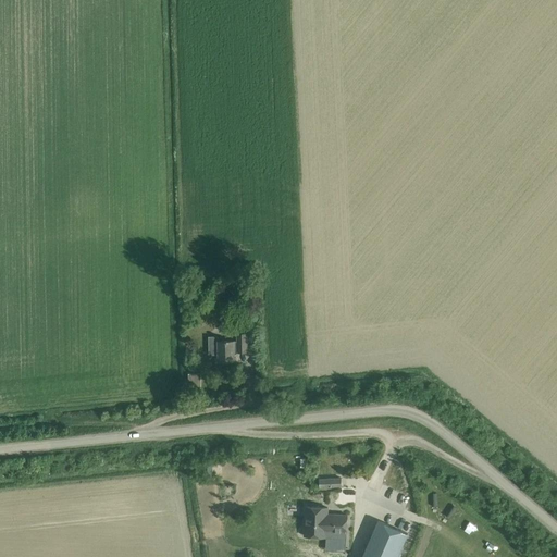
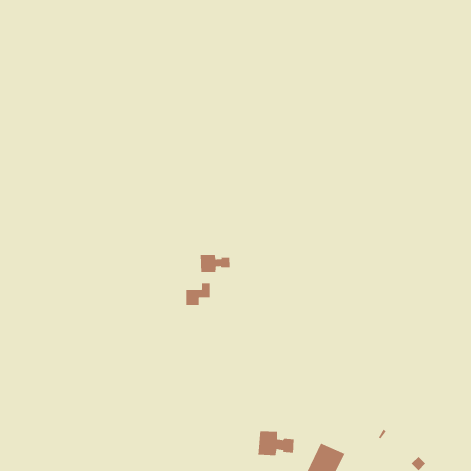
building: none -> [200,254,230,273]

